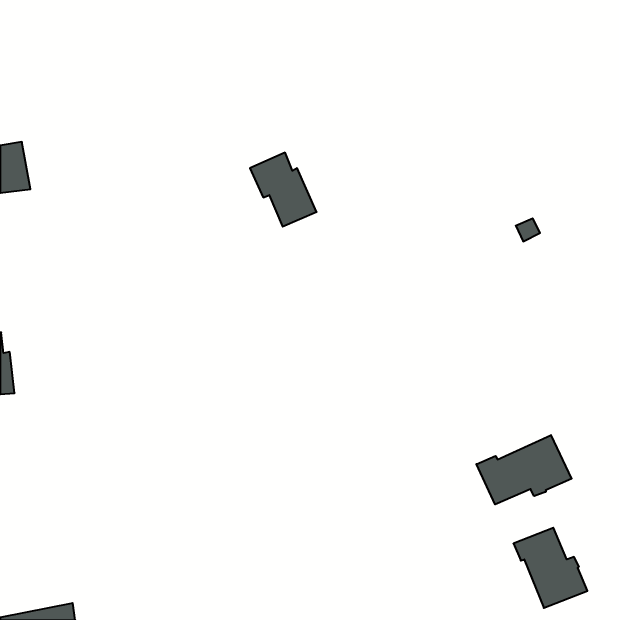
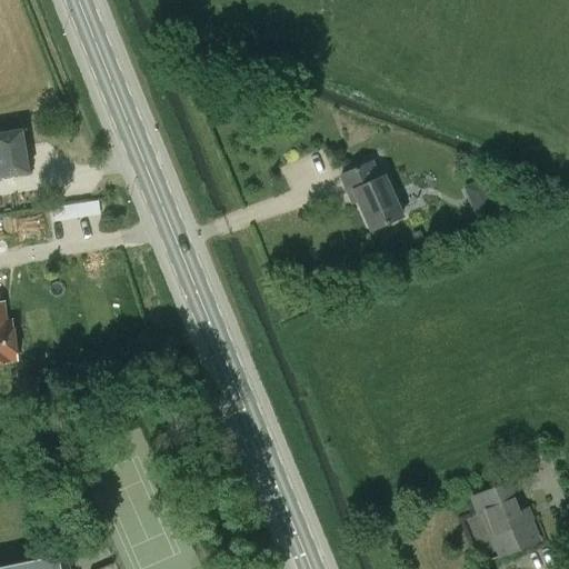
building: [250,153,317,227] -> [340,162,401,230]
building: [476,435,572,504] -> none

